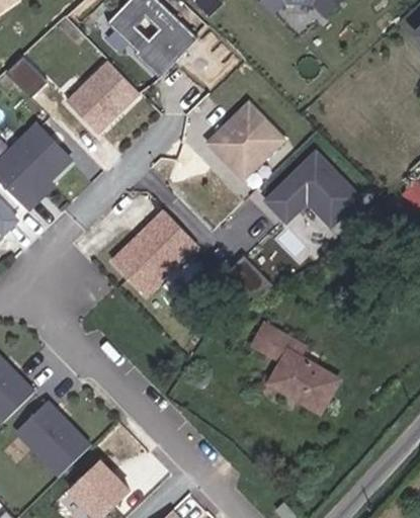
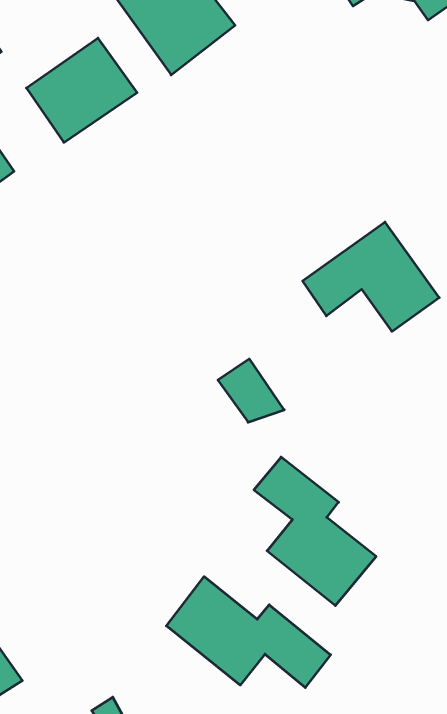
building: [207,100,285,178] -> none
building: [110,210,196,295] -> none
building: none -> [166,577,331,688]

